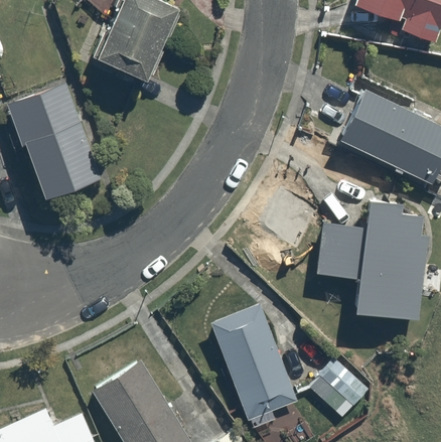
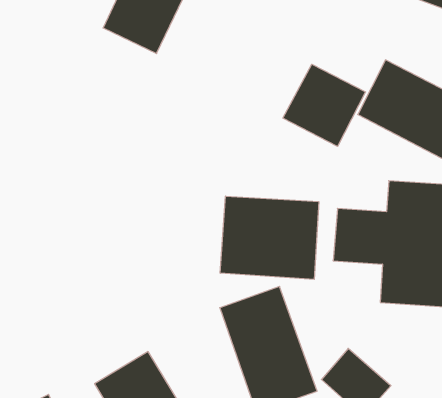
building: [9,87,100,199] -> none
building: none -> [283,64,366,146]
building: none -> [220,196,319,279]

